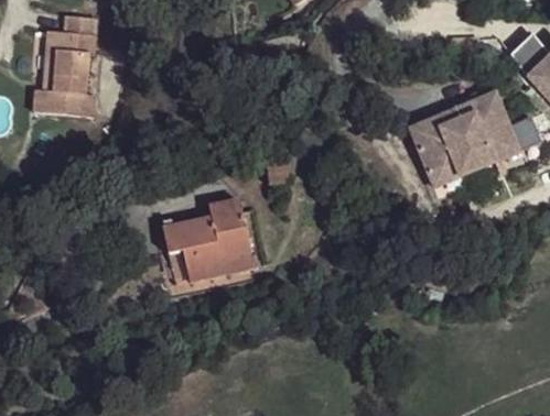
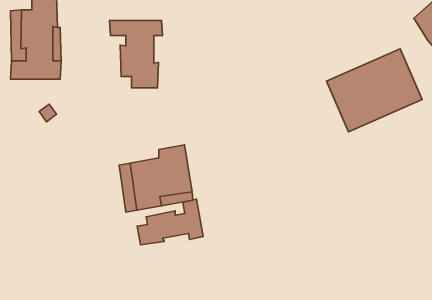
building: none -> [110,21,162,88]
building: none -> [137,199,203,245]

